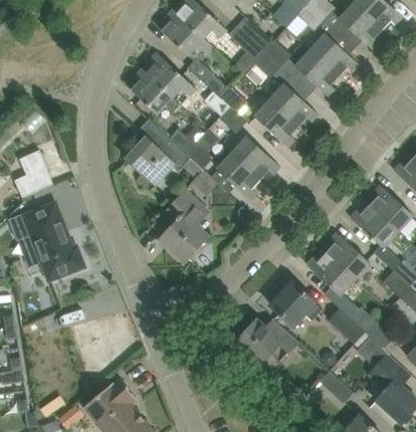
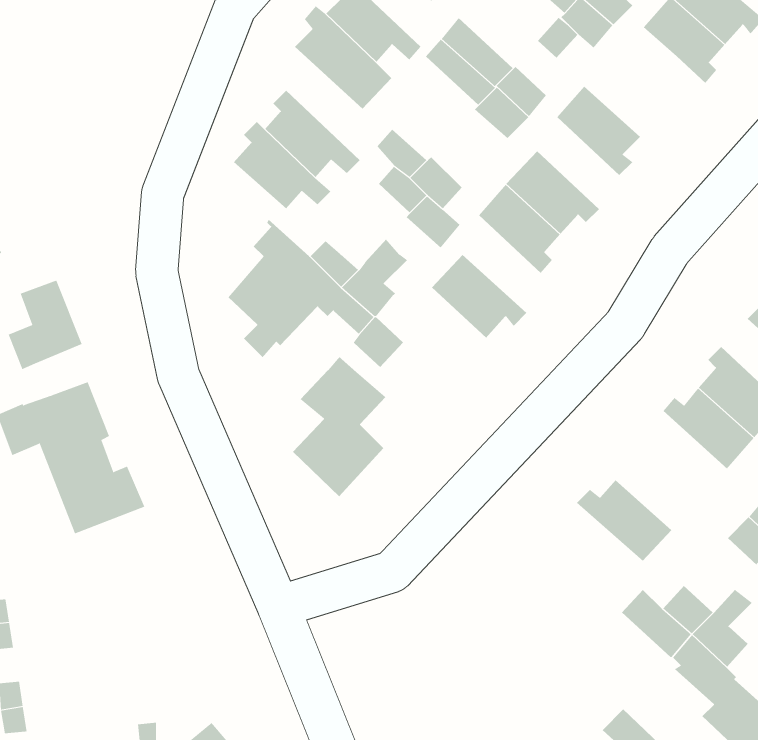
building: [309,33,358,76] -> none
building: [217,154,259,199] -> none
building: [326,231,370,278] -> none
building: [269,280,323,327] -> none
building: [235,318,298,364] -> none

